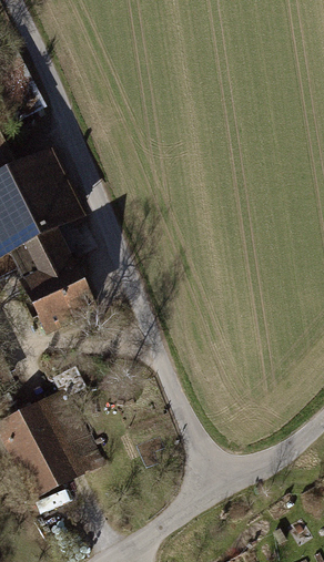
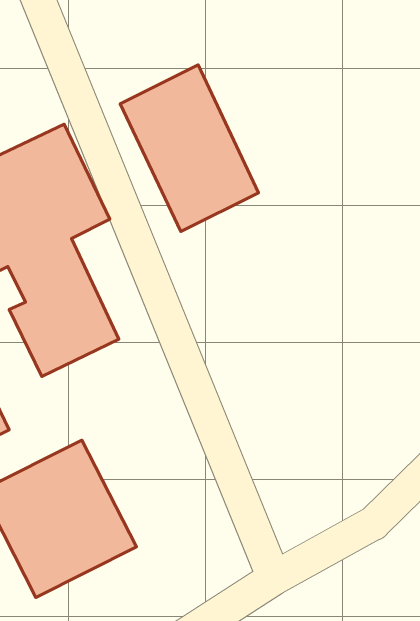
building: none -> [120,65,259,232]

